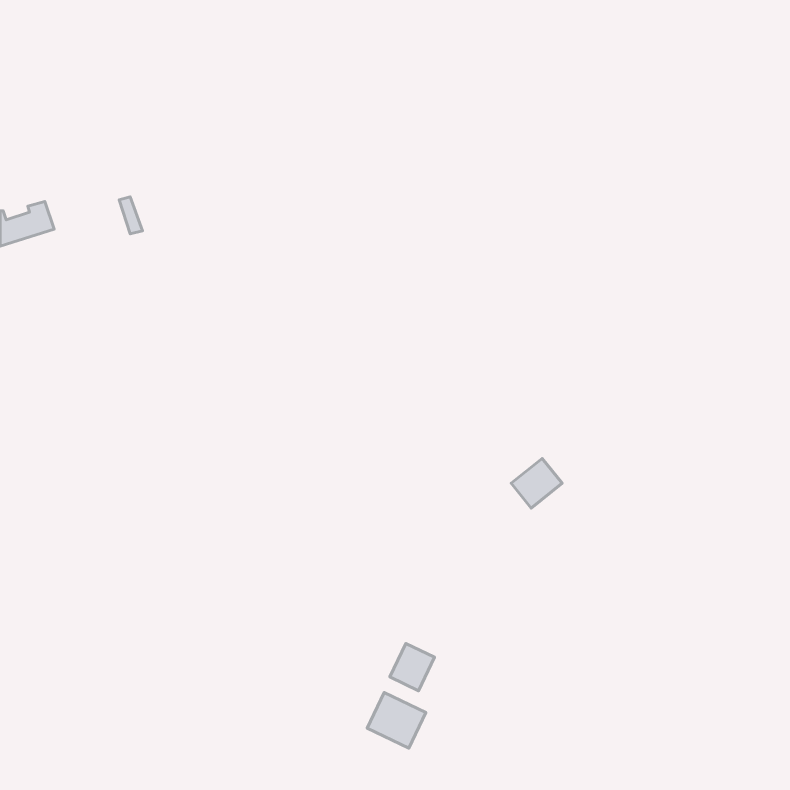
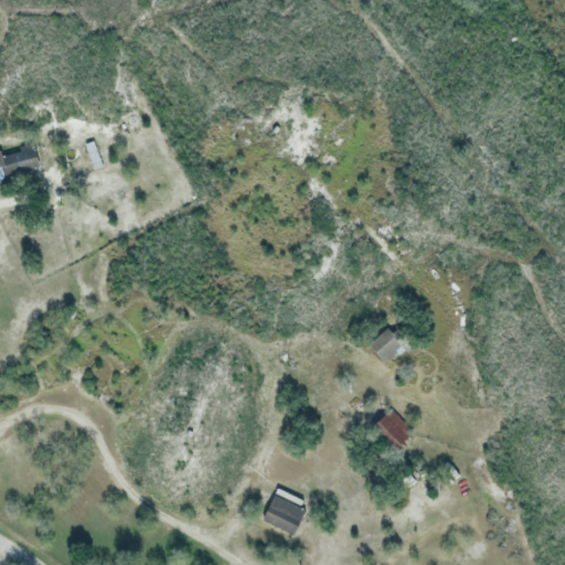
building: none -> [379,409,416,447]
building: [390,643,435,691] -> none

